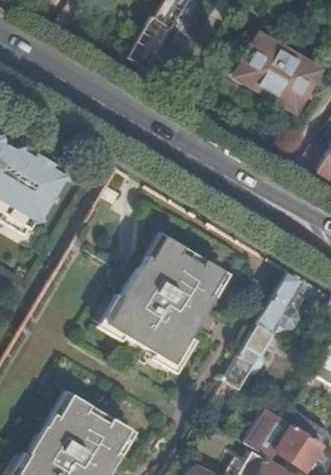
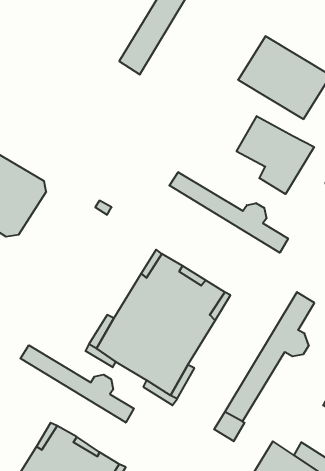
building: none -> [237,116,314,194]
building: none -> [169,172,288,253]
building: none -> [20,345,134,423]

